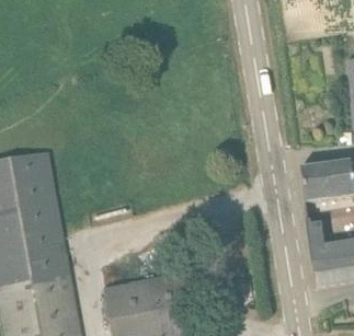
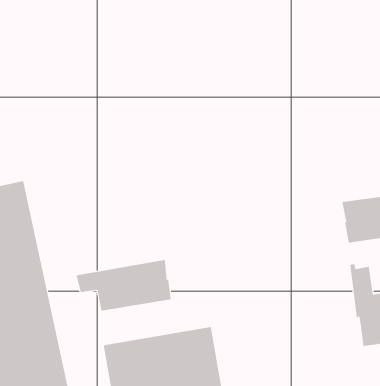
building: none -> [76,259,171,311]

